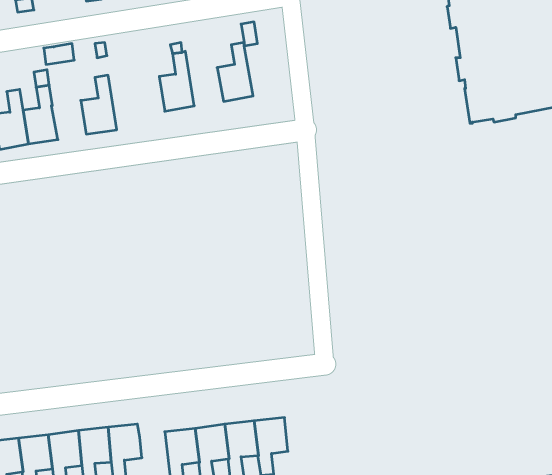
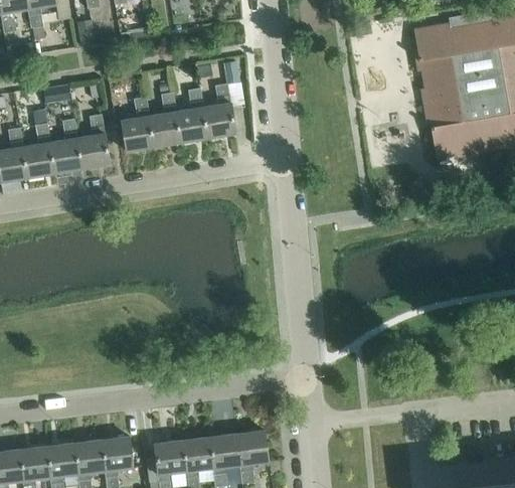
building: none -> [176,88,208,142]
building: none -> [121,97,154,151]
building: none -> [49,118,81,173]

